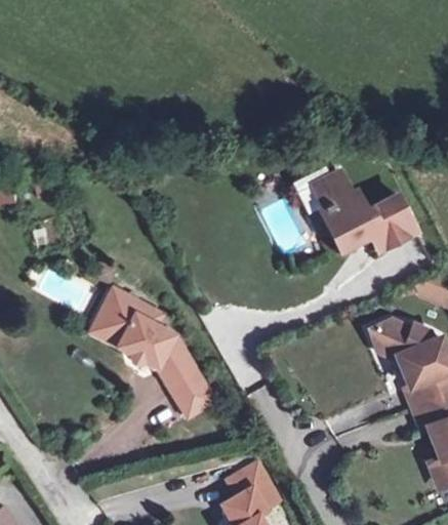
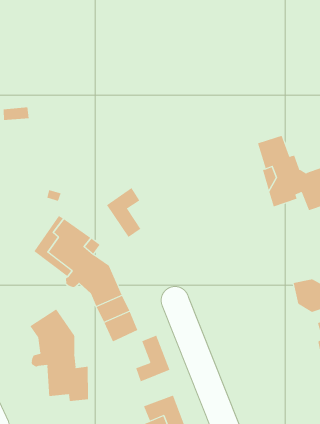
building: none -> [106,187,141,238]
building: none -> [29,309,88,402]
building: none -> [135,335,170,382]

